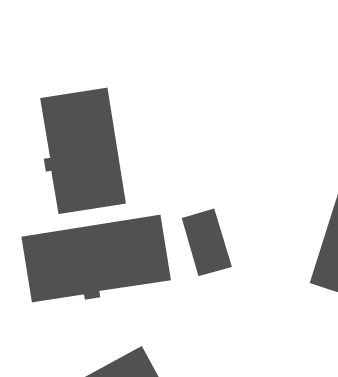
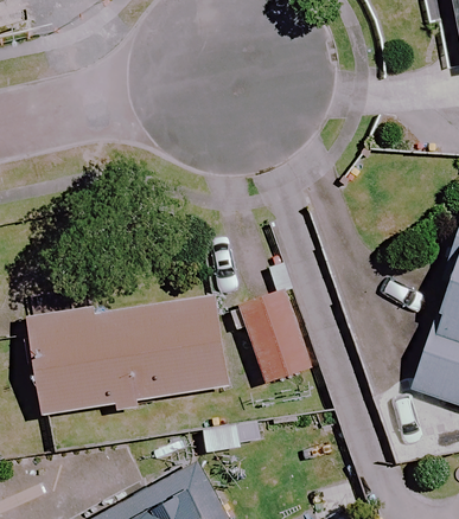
building: [39,87,127,215] -> none

